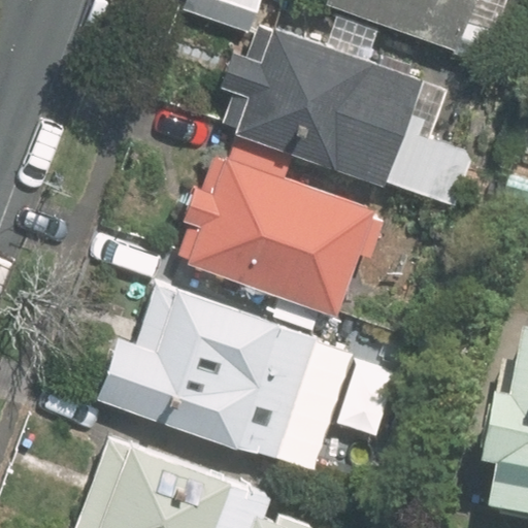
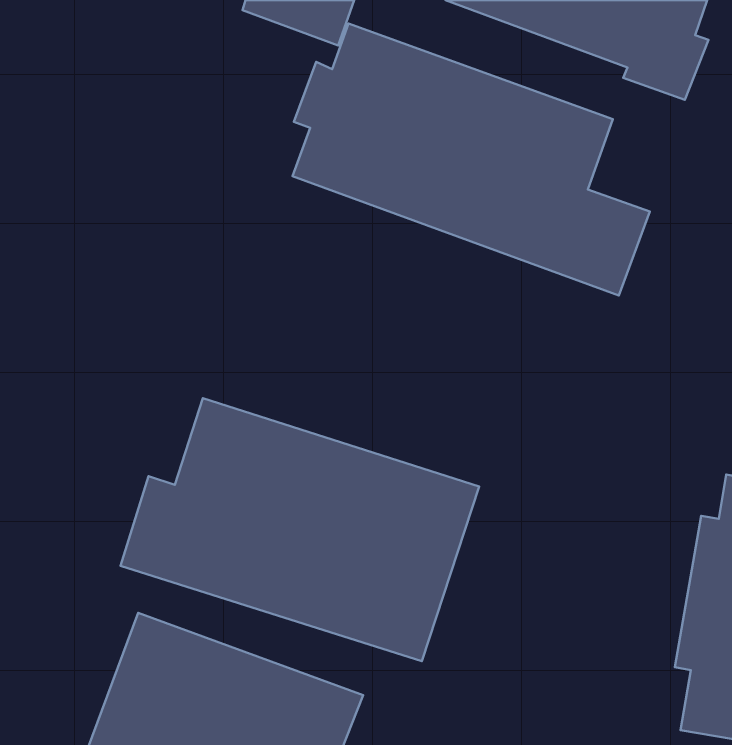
building: [177,152,372,312] -> none

